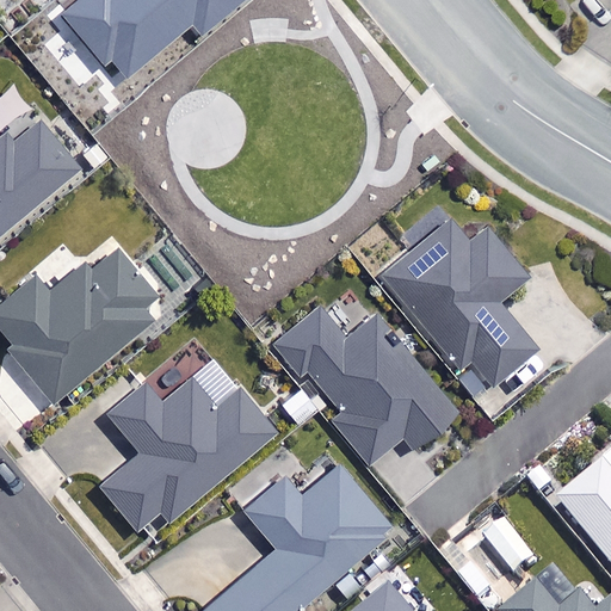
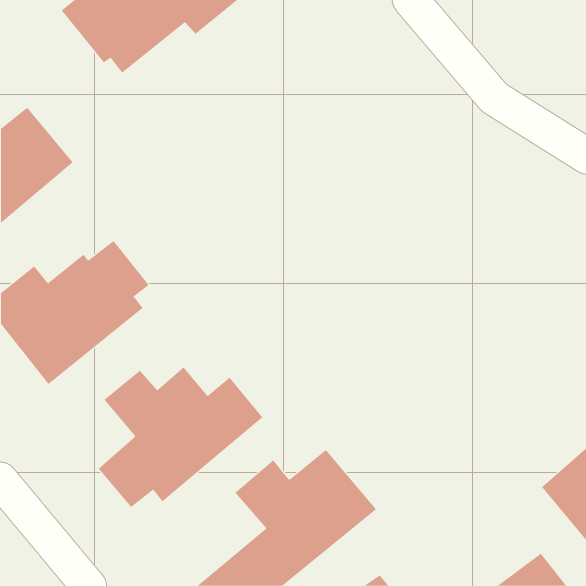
building: [383,196,538,384] -> none
building: [271,304,456,464] -> none

